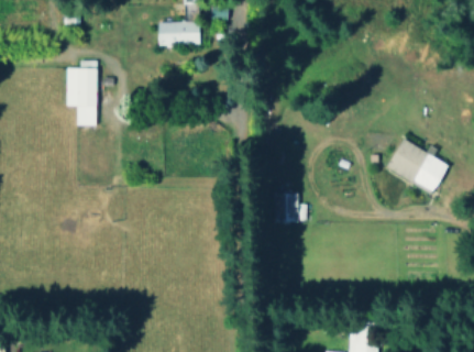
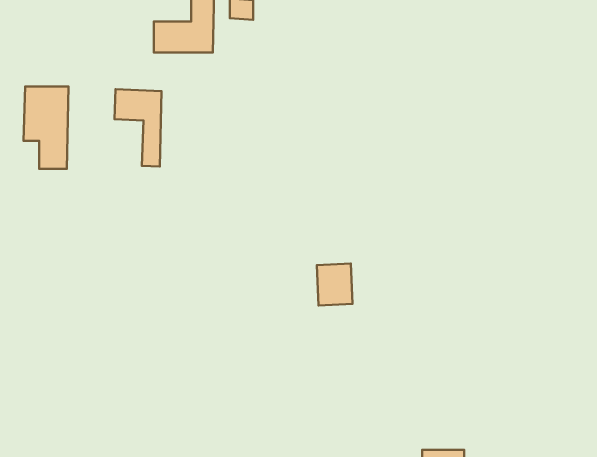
building: none -> [114,89,161,167]
building: [387,139,450,195] -> none

